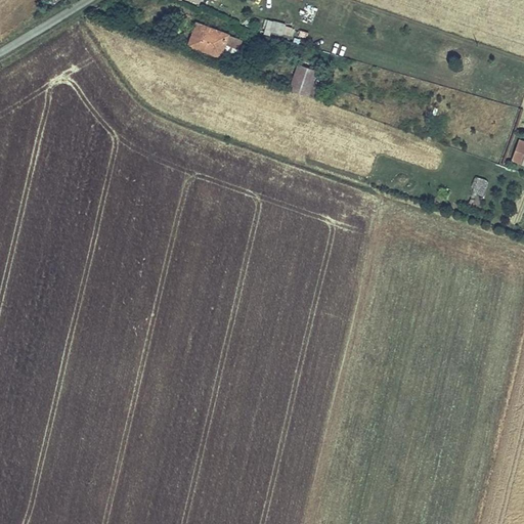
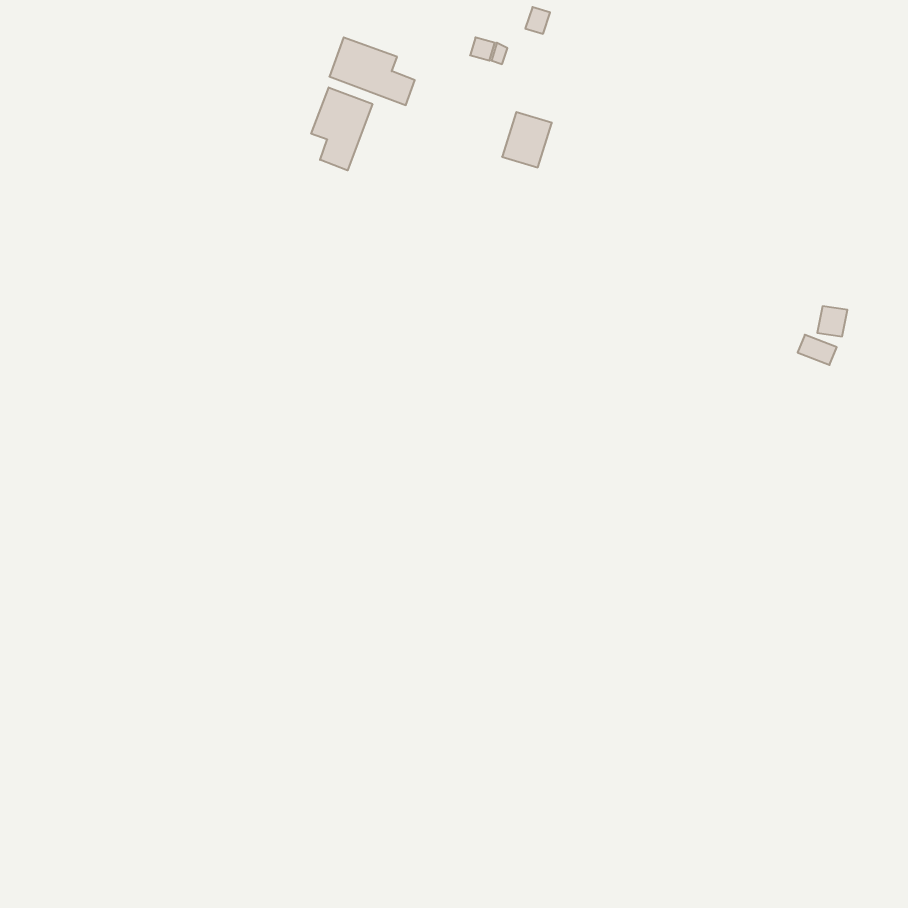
building: none -> [311,87,372,170]

